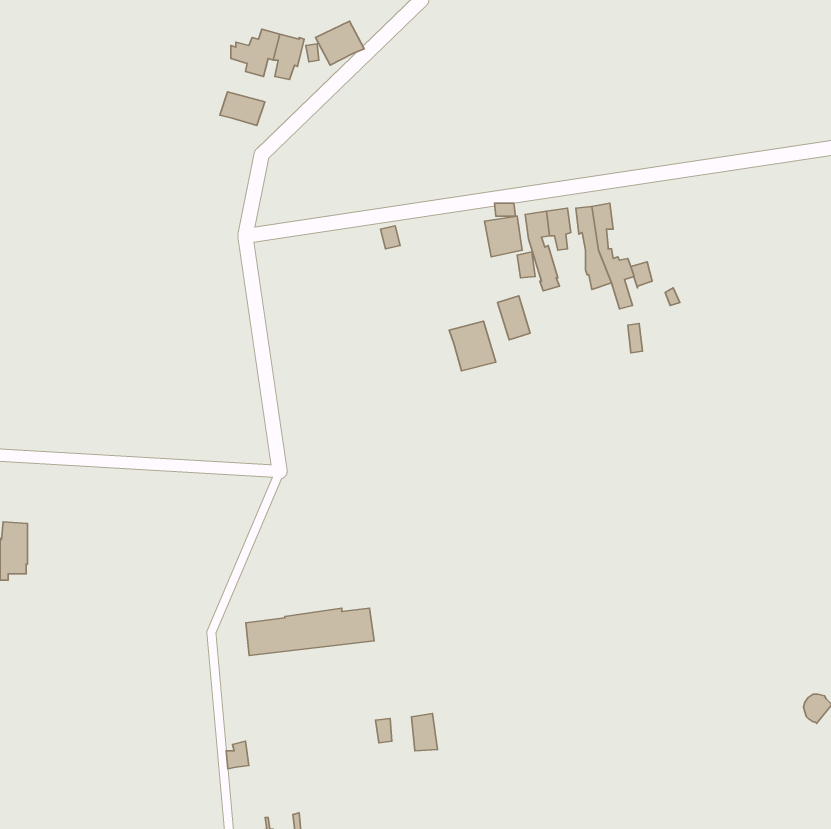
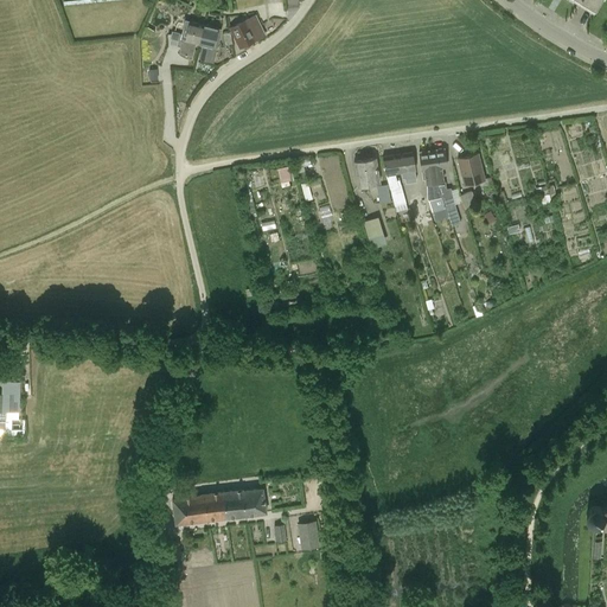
building: [220,92,265,125] -> none
building: none -> [458,154,493,190]
building: [449,321,496,371] -> none
building: [246,608,374,655] -> [173,490,267,524]

